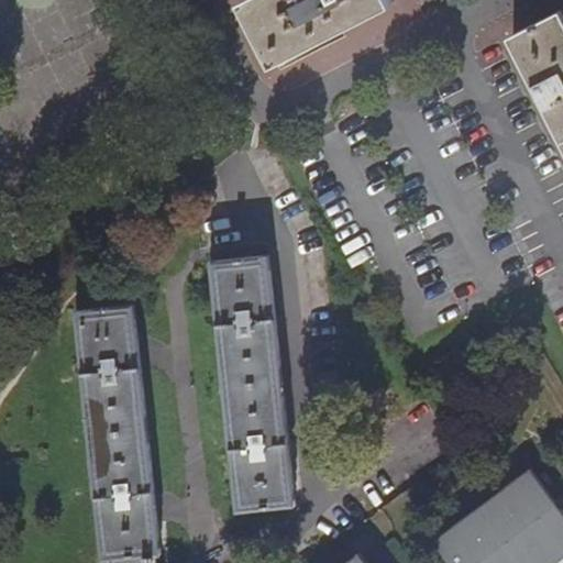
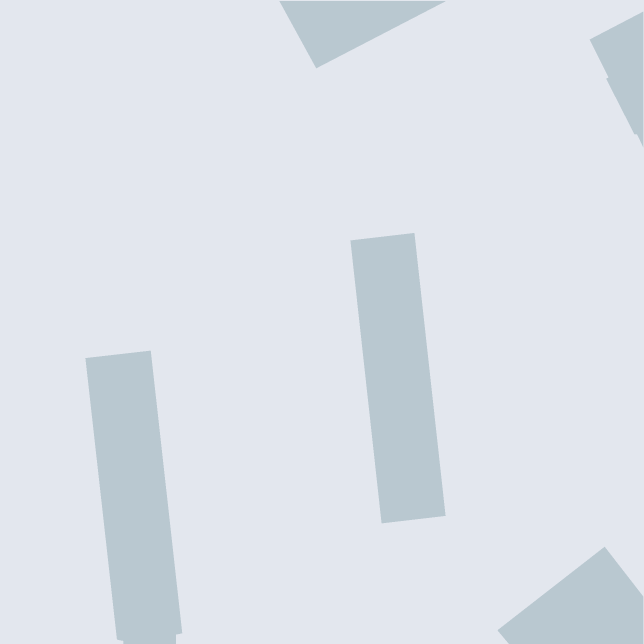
building: [209,256,294,510] -> [349,232,447,524]

